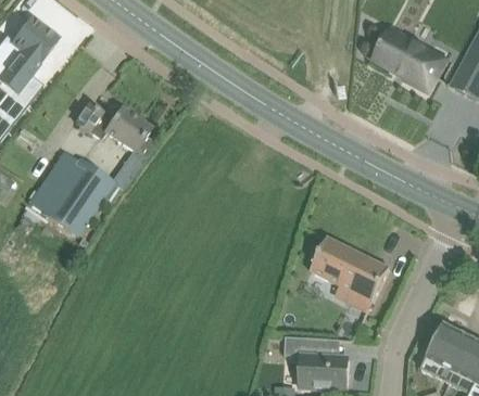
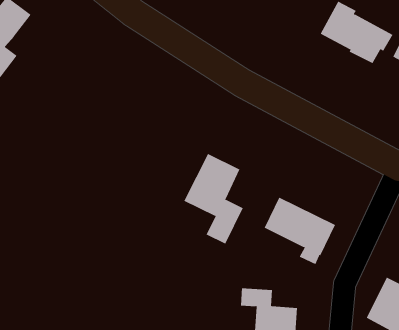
building: [76,102,156,154] -> none
building: [28,151,115,235] -> none
building: none -> [183,153,243,245]

